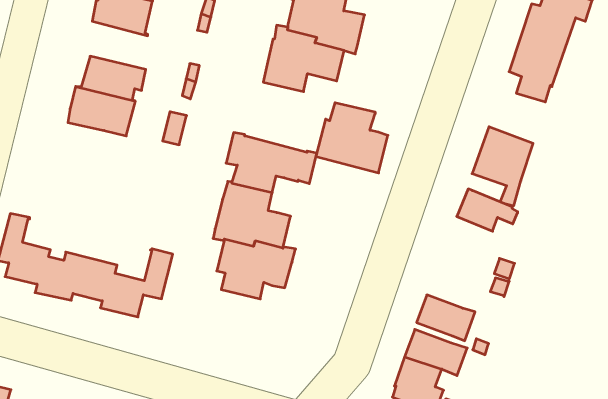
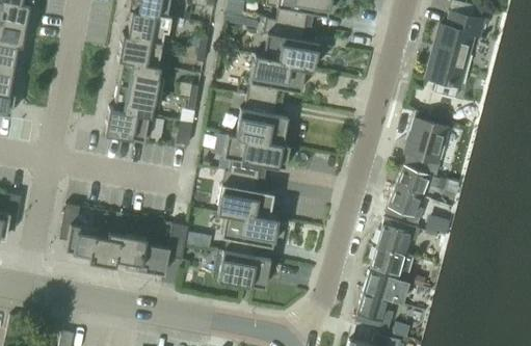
building: none -> [117,57,163,90]
building: [316,103,388,173] -> [236,95,288,144]
building: none -> [388,185,424,222]
building: none -> [377,216,420,252]
building: none -> [213,248,270,288]

